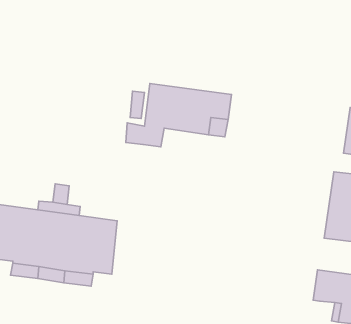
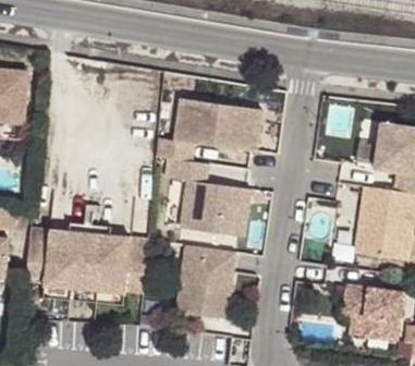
building: none -> [170,159,251,236]
building: none -> [176,245,235,319]

